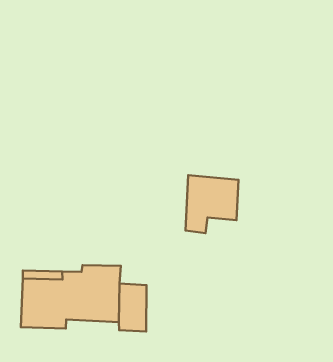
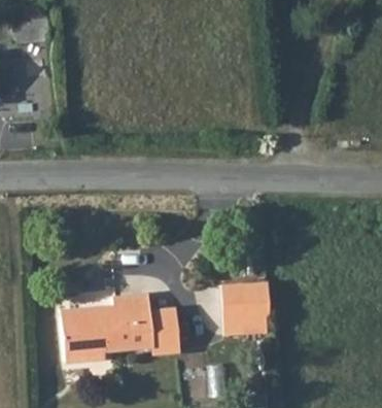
building: [185,175,239,233] -> [219,281,269,334]

